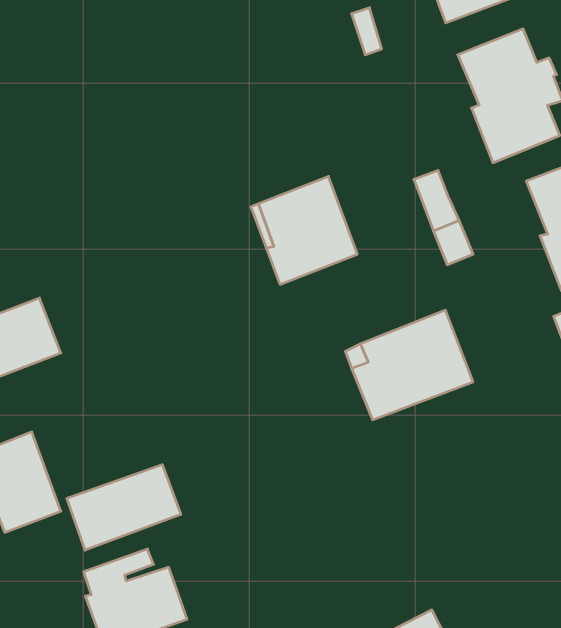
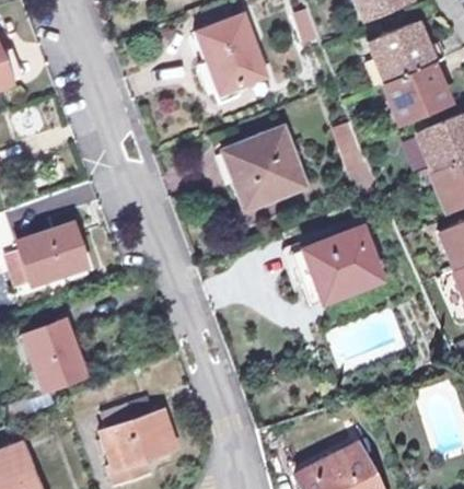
building: none -> [186,14,263,109]
building: [67,465,181,550] -> none

